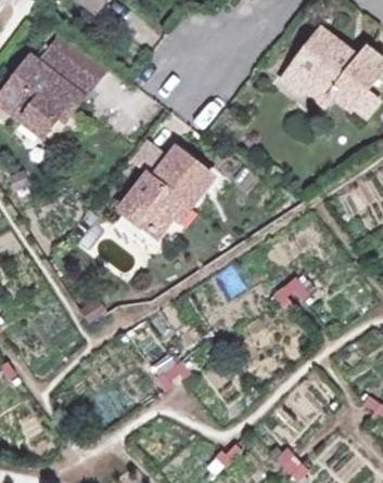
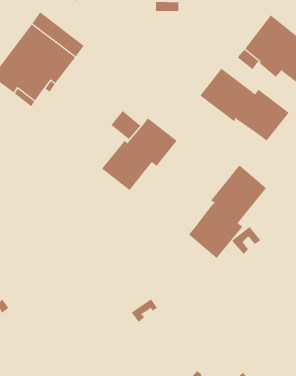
building: none -> [199,68,289,142]
building: none -> [188,165,267,259]

